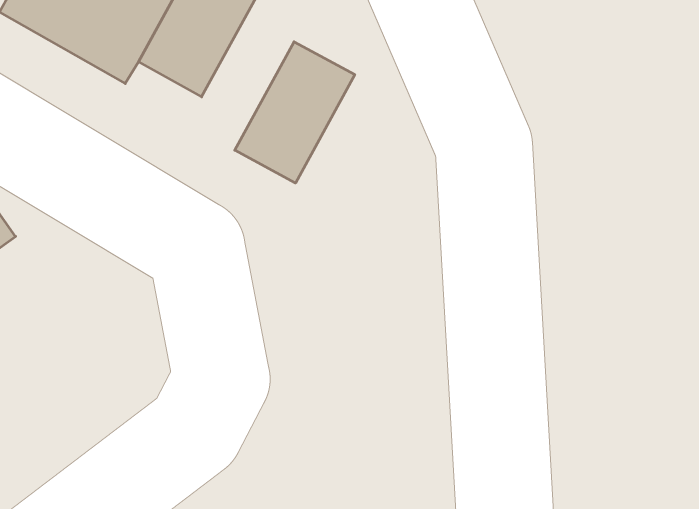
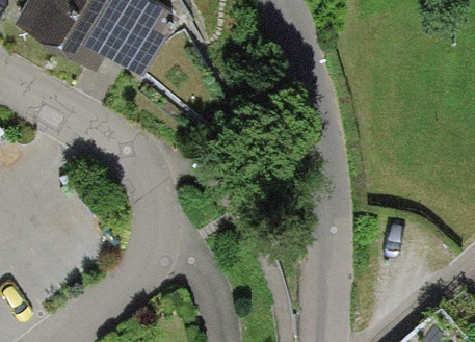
building: [235,42,355,183] -> none

